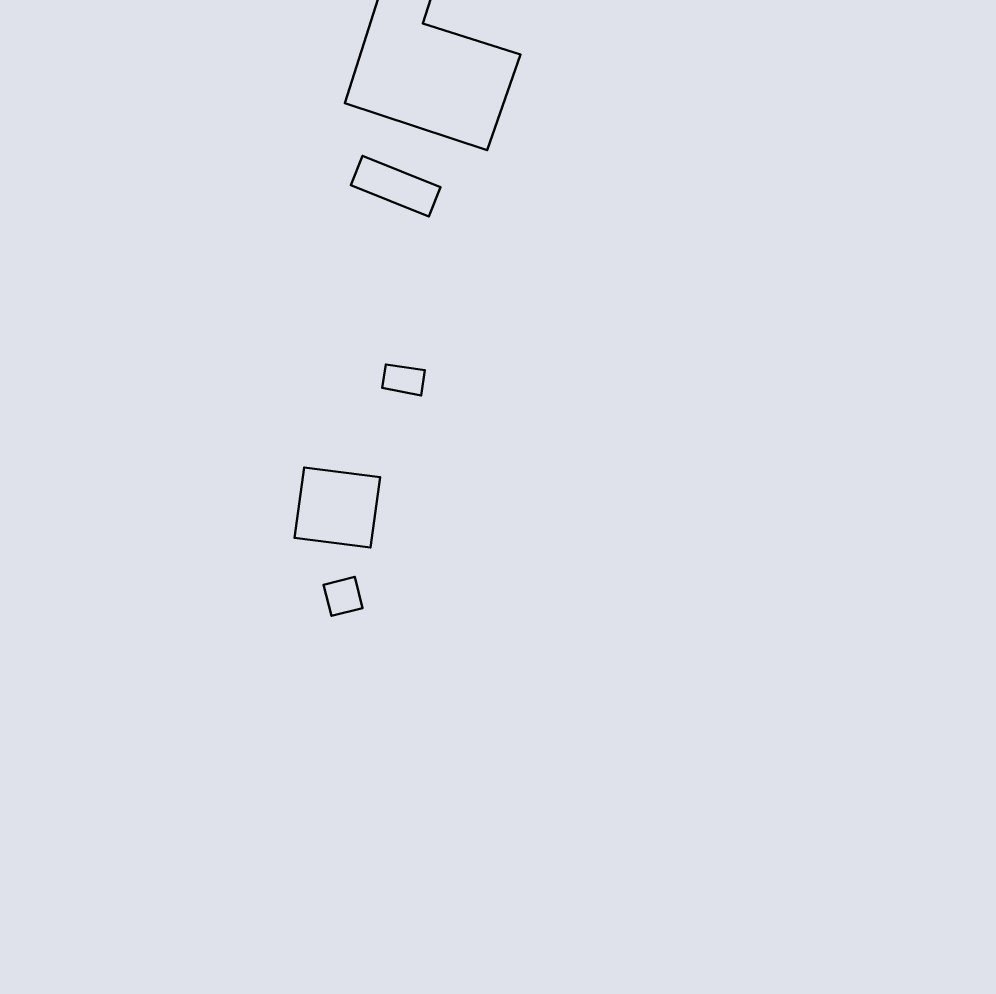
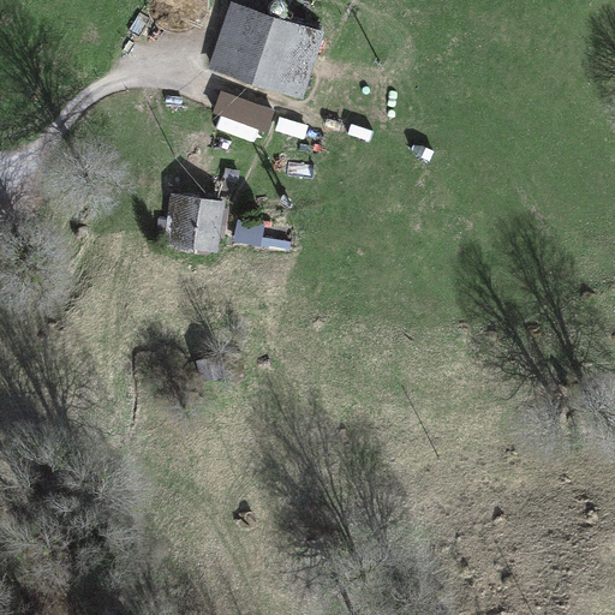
building: [295,468,380,547] -> [166,197,219,246]

